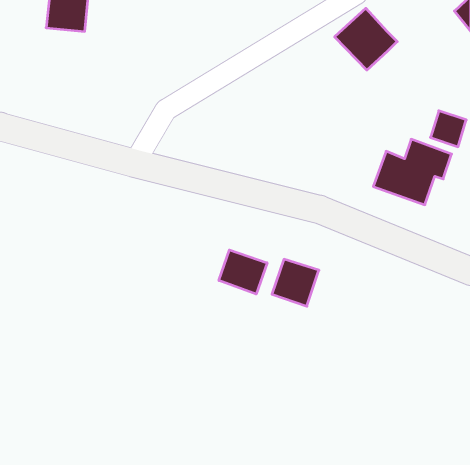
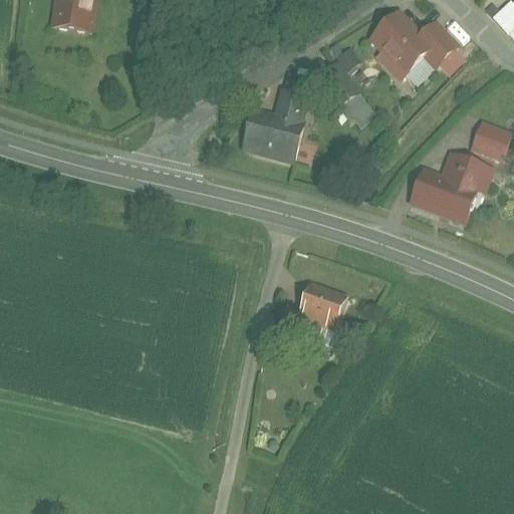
building: none -> [423,20,462,69]
building: none -> [244,95,306,164]
building: [219,250,267,294] -> none

